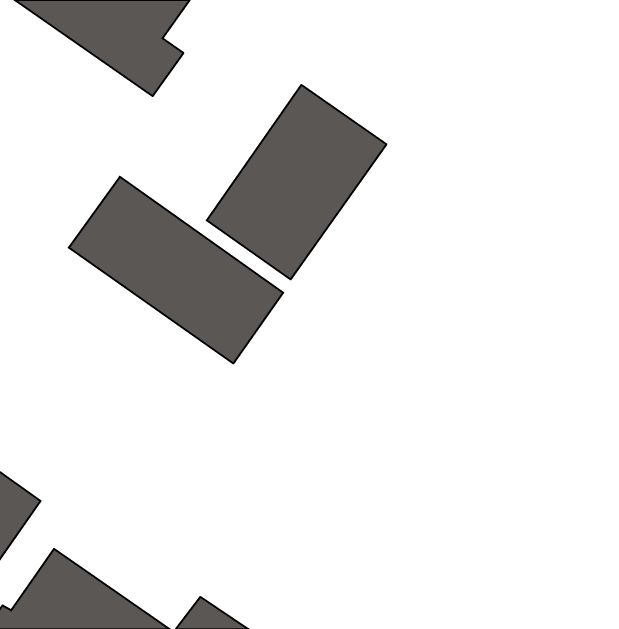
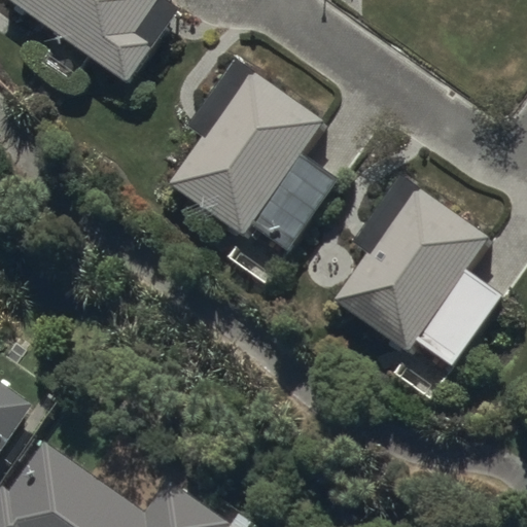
building: [69,177,283,363] -> none
building: none -> [338,186,489,351]

